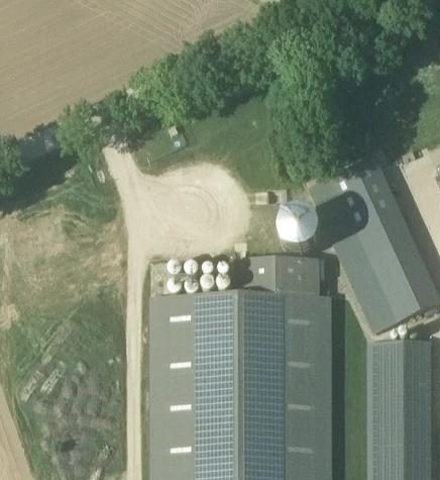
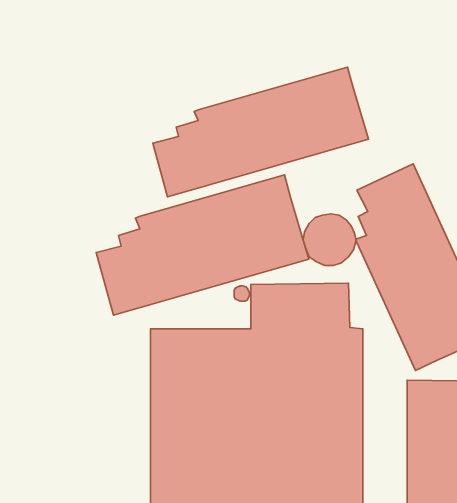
building: none -> [153,67,368,197]
building: none -> [96,175,309,315]

